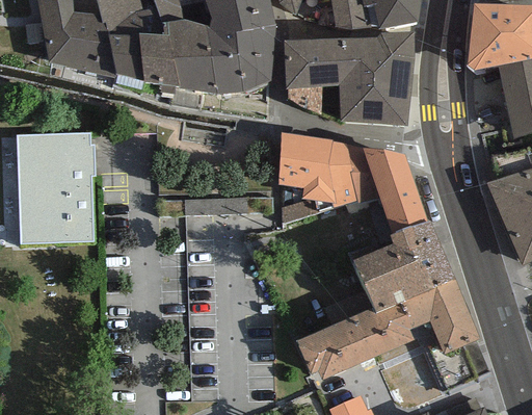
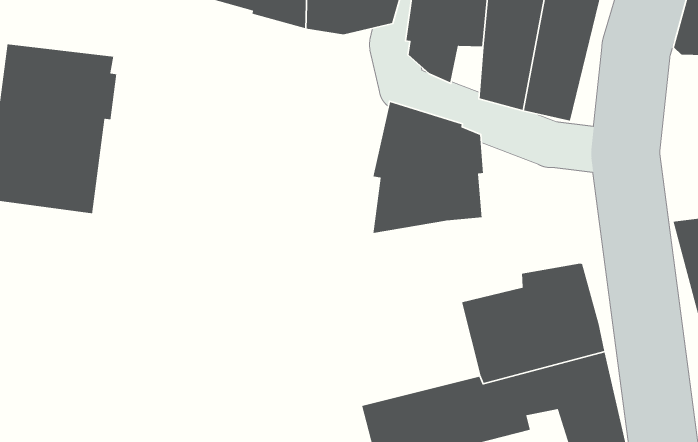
building: [346,145,427,234] -> none

